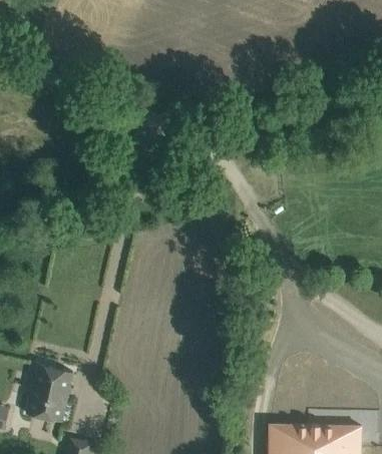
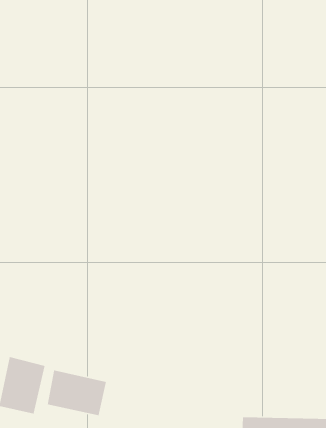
building: none -> [47,369,107,416]

